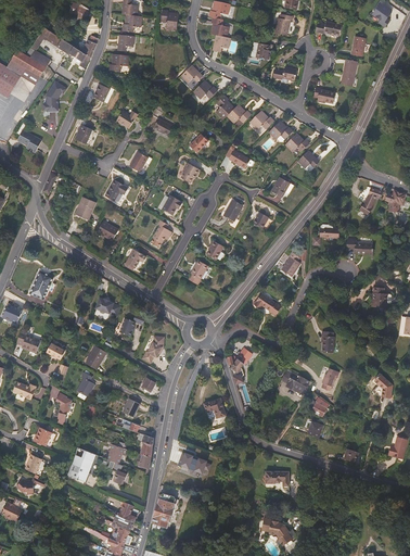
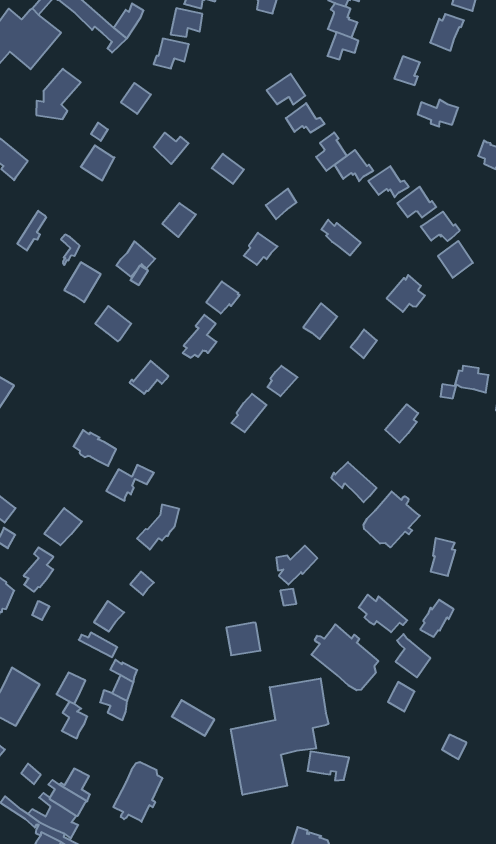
building: none -> [363,491,420,547]
building: none -> [311,624,378,690]
building: none -> [231,678,328,795]

